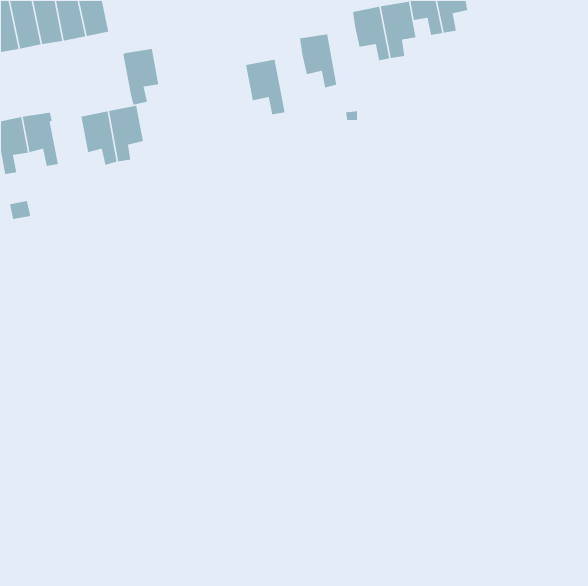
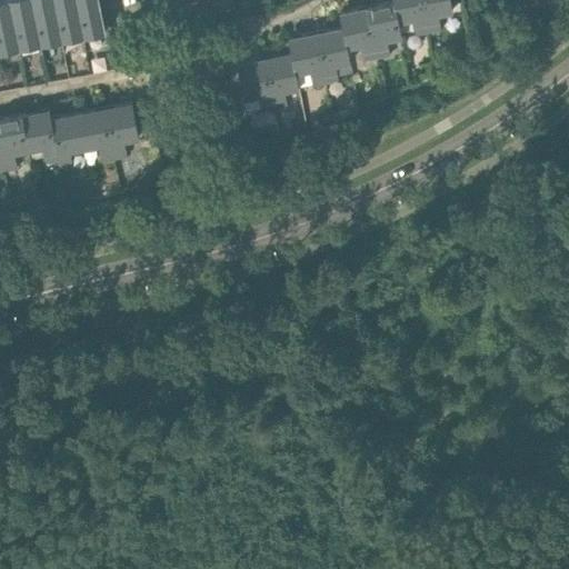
building: none -> [317,29,351,84]
building: [122,48,159,106] -> [49,114,84,170]
building: none -> [266,54,300,111]

